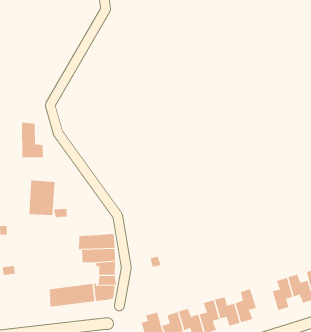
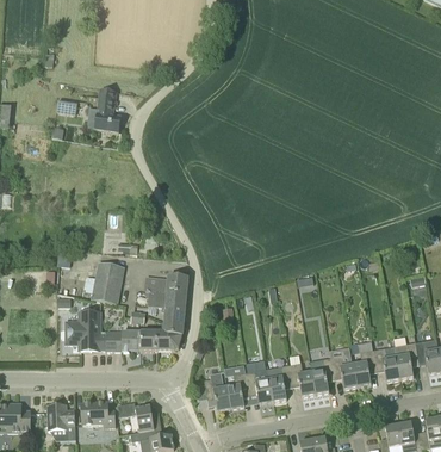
building: [21,122,44,158] -> [94,88,120,131]
building: [28,180,55,216] -> [91,260,125,303]
building: none -> [69,311,105,349]
building: none -> [331,358,358,389]

